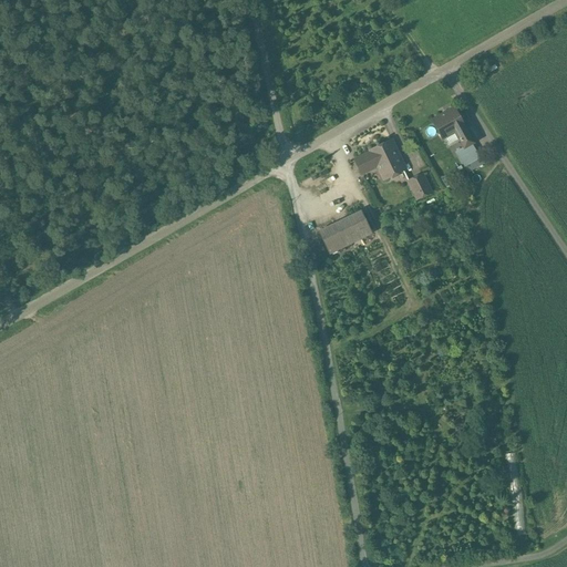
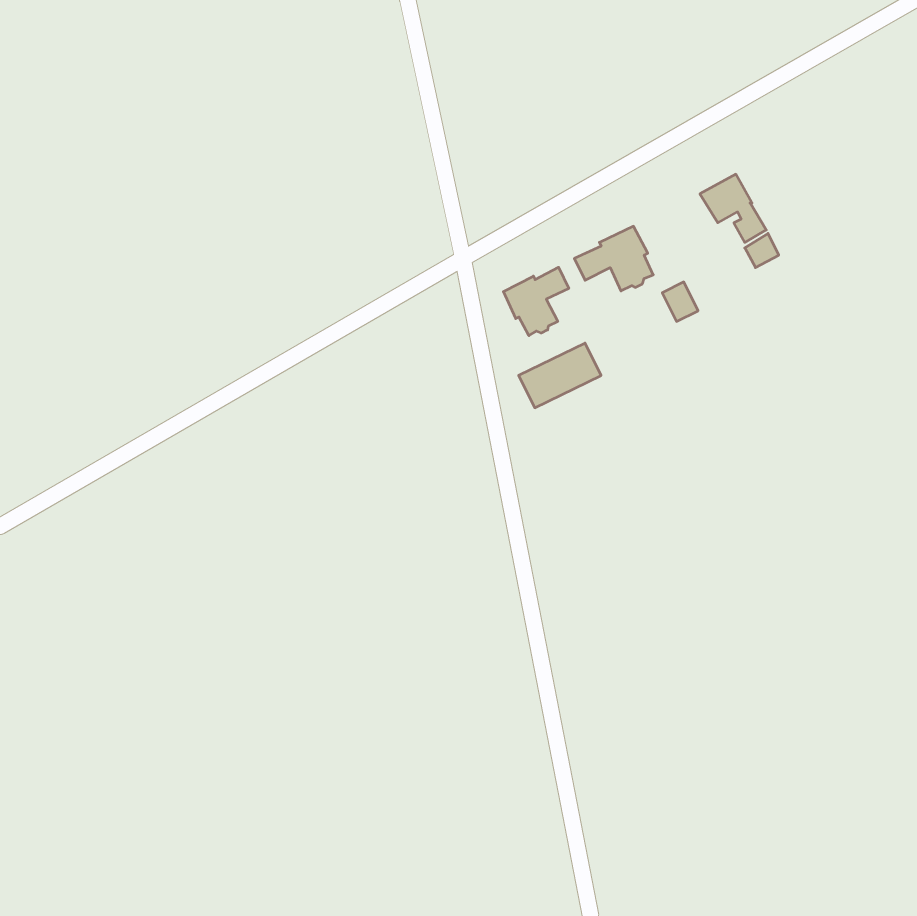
building: none -> [503,267,569,336]

